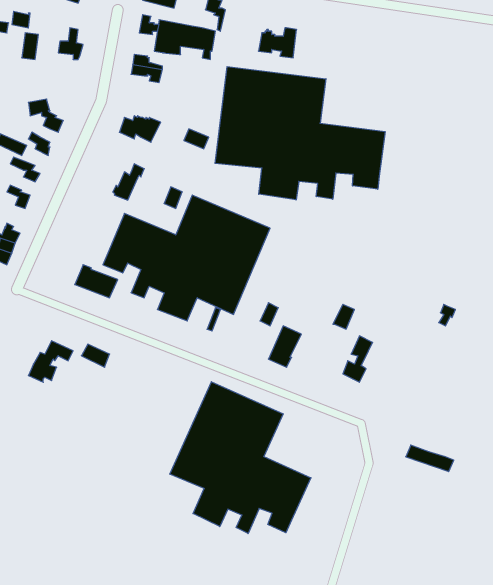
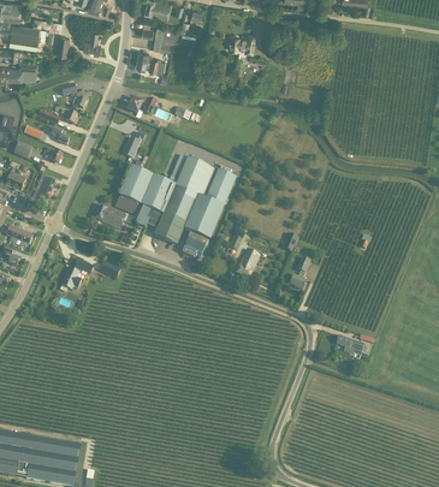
building: [215,67,385,200] -> none
building: [170,382,311,534] -> none

